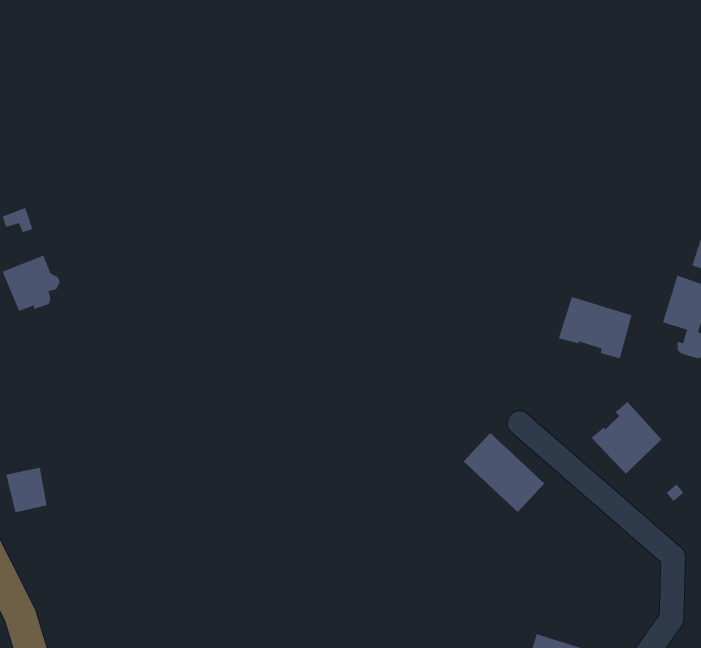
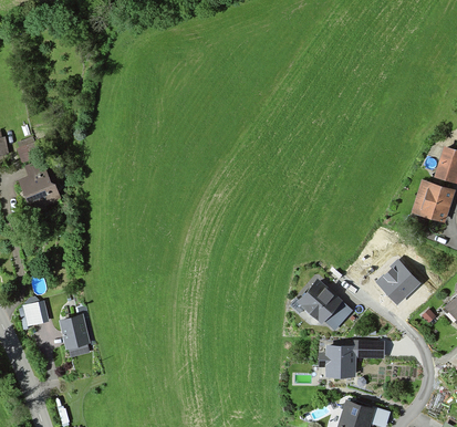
building: [558,296,632,359] -> none
building: none -> [59,313,86,345]
building: none -> [321,341,384,374]

